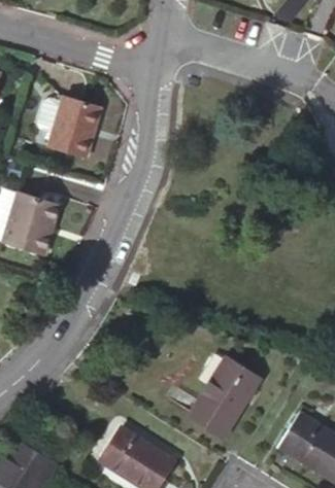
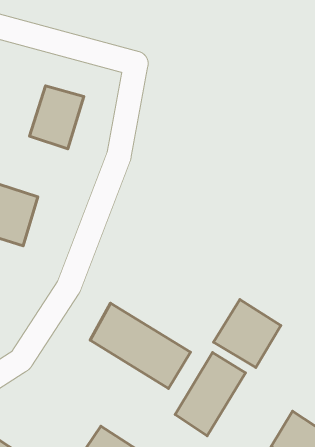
building: none -> [214,300,281,367]
building: none -> [90,303,191,389]

